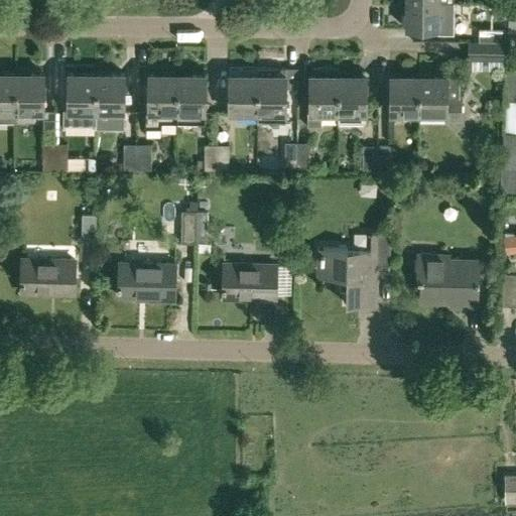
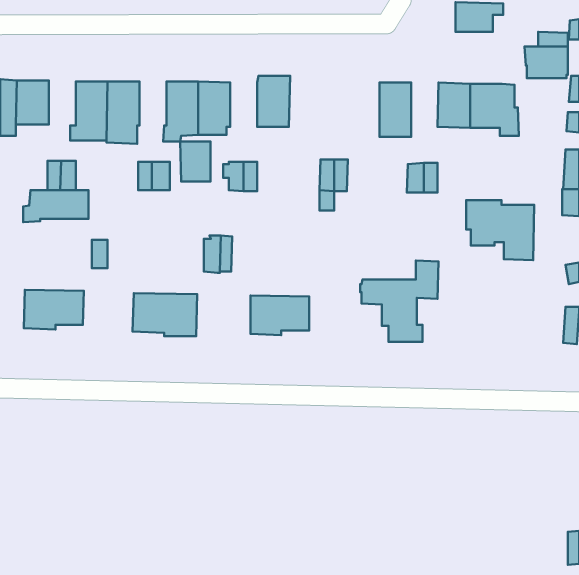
building: [255,71,286,124] -> none
building: [306,71,338,128] -> none
building: none -> [180,141,210,182]
building: none -> [23,190,88,222]
building: [417,256,478,309] -> [466,200,534,260]

